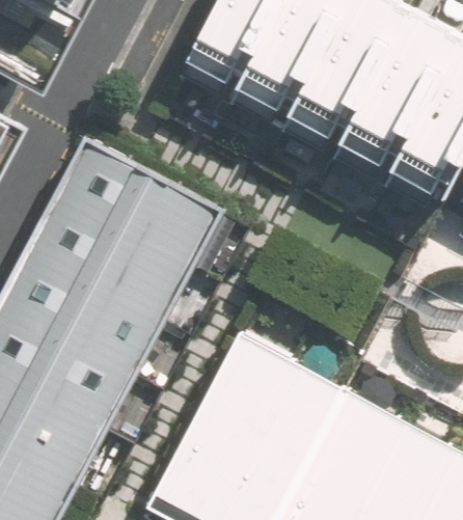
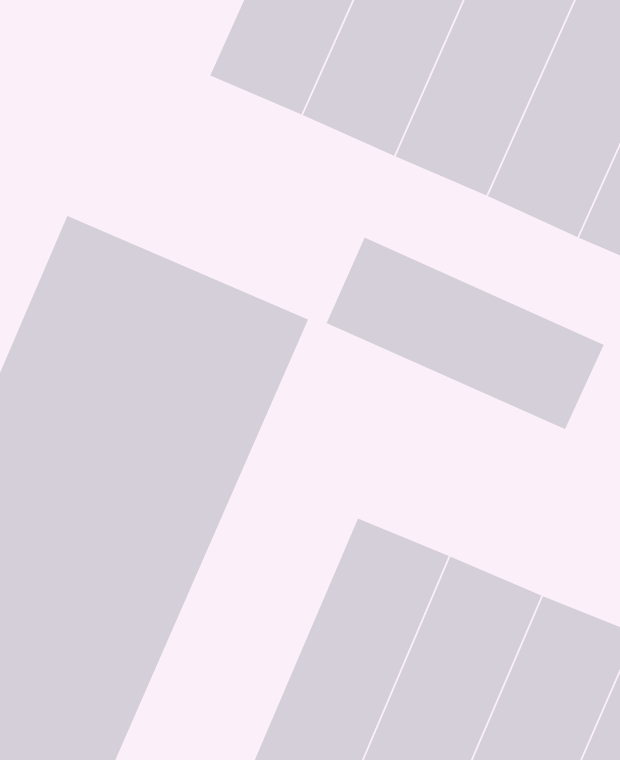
building: none -> [326,236,605,430]

